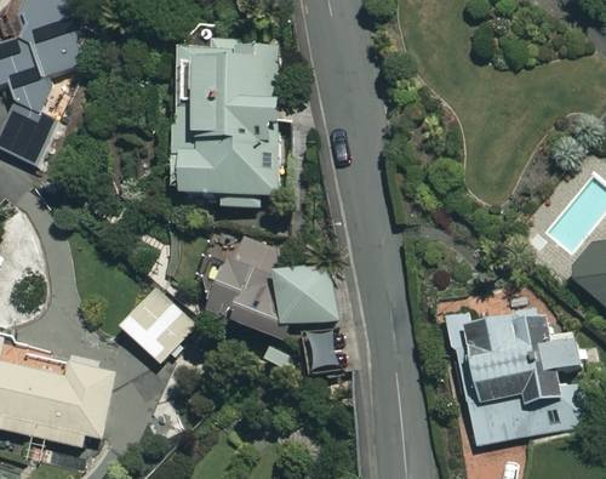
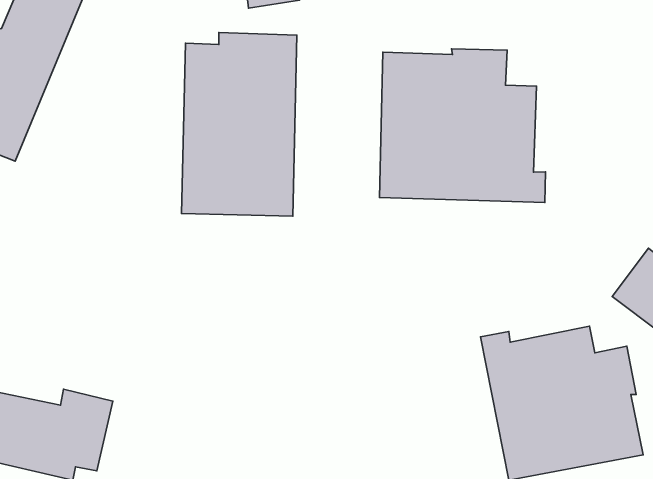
building: none -> [379,49,546,202]
building: [213,233,336,376] -> none
building: [118,286,194,361] -> none

